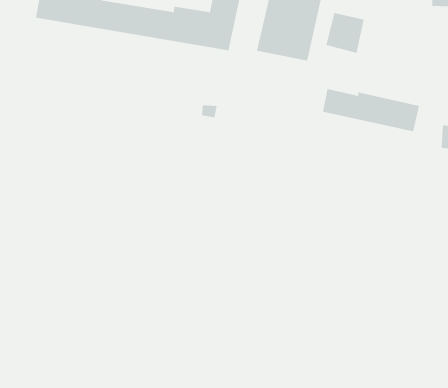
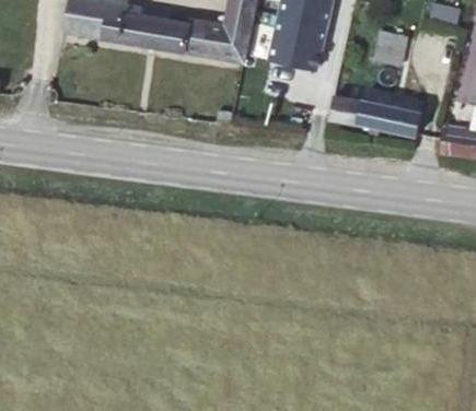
building: [326,12,364,54] -> [373,28,409,67]

